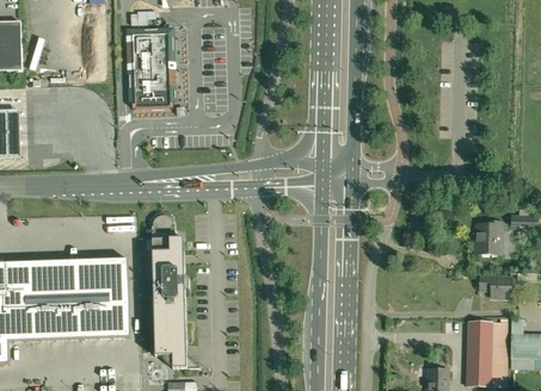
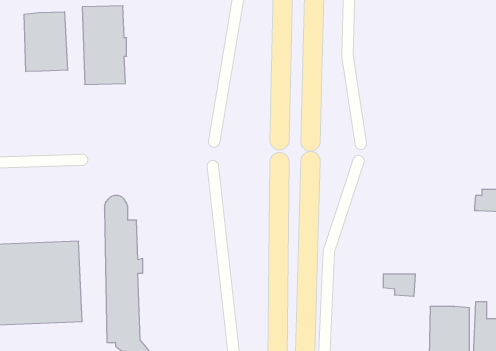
building: none -> [24,12,68,72]
building: [474,222,502,254] -> none
building: [479,275,510,297] -> [383,274,415,296]

